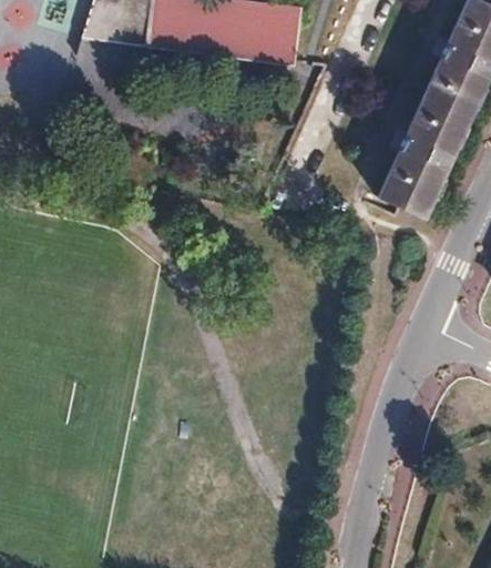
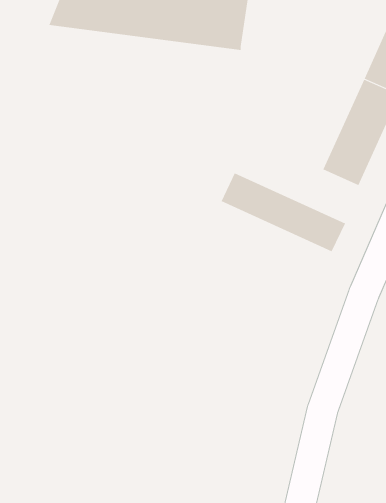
building: none -> [221,173,346,252]

